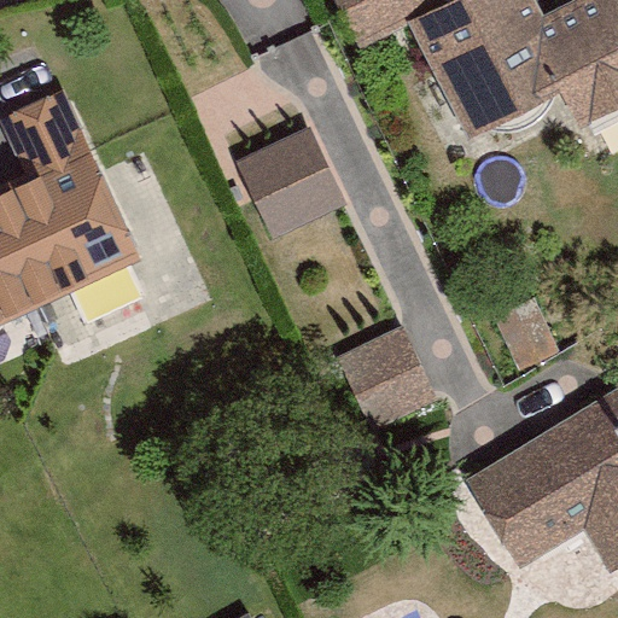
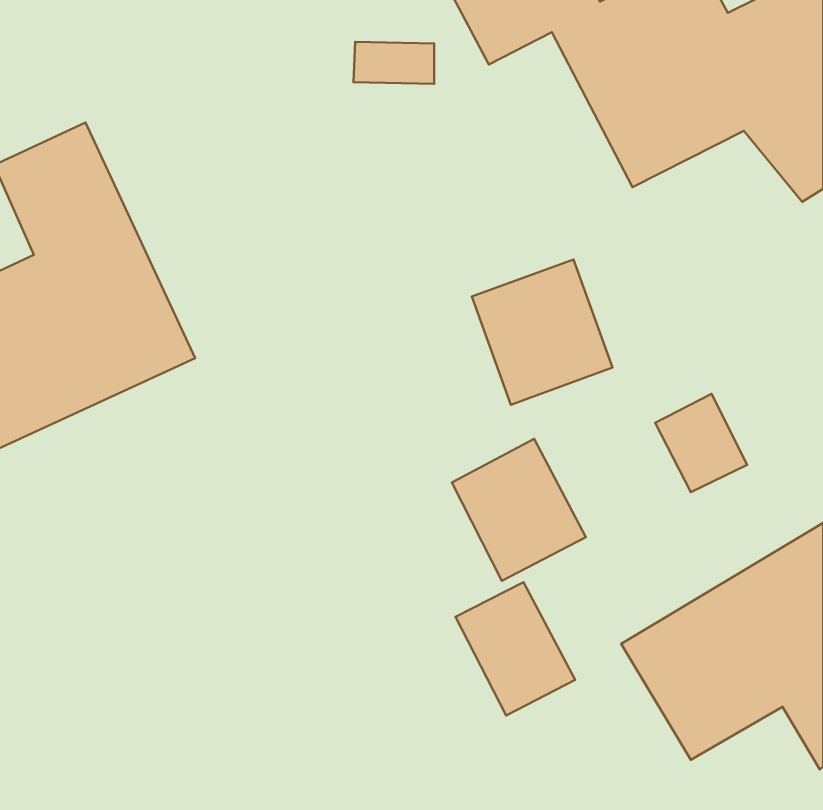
building: [235,115,340,223] -> [472,260,612,405]
building: none -> [455,582,575,715]

